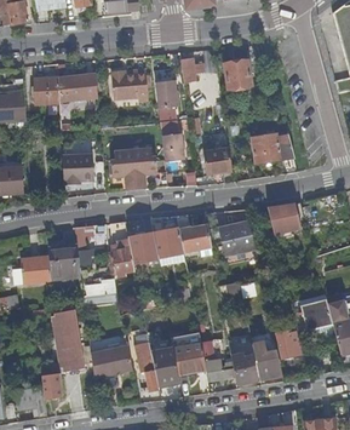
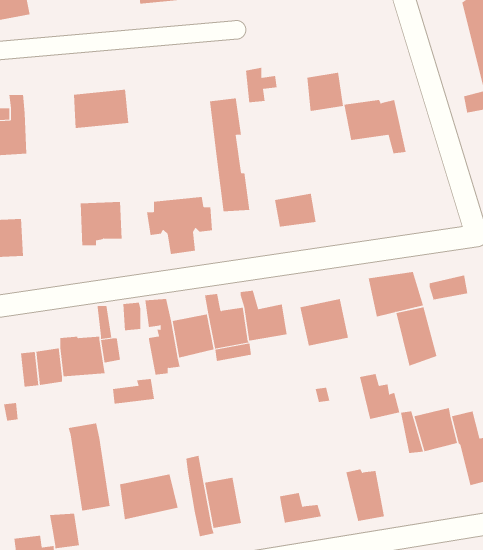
building: [110,69,148,99] -> none
building: [34,75,59,103] -> none
building: [251,133,296,172] -> [344,99,407,154]
building: none -> [396,306,437,366]
building: [274,326,303,359] -> [359,373,400,419]
building: [172,343,206,374] -> none
building: [230,354,257,385] -> none

